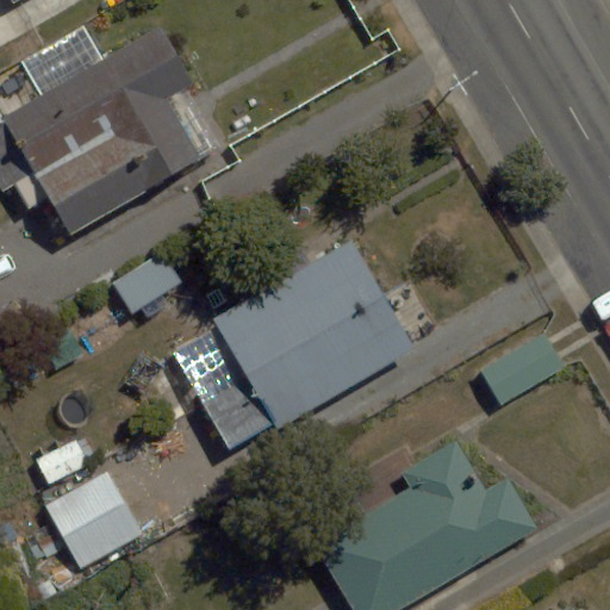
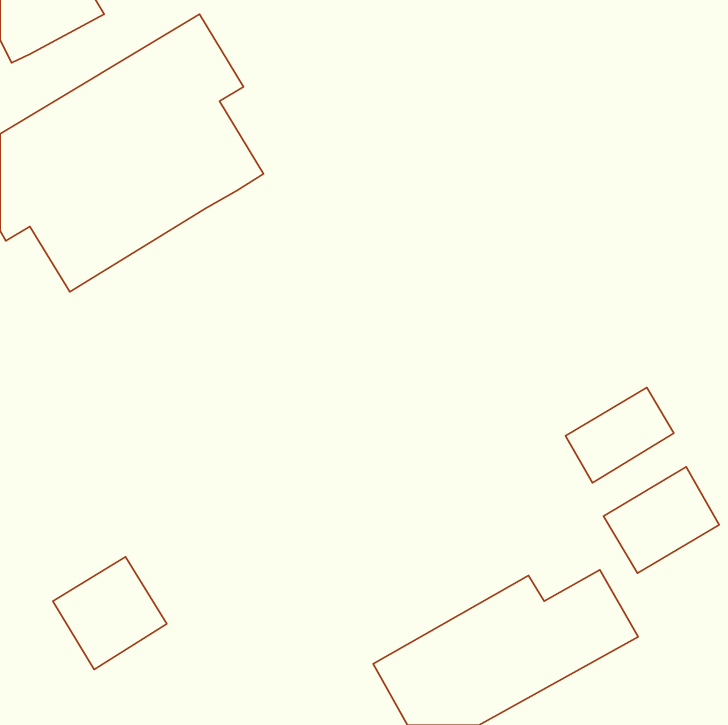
building: [198,242,412,447] -> none
building: none -> [604,467,719,573]

